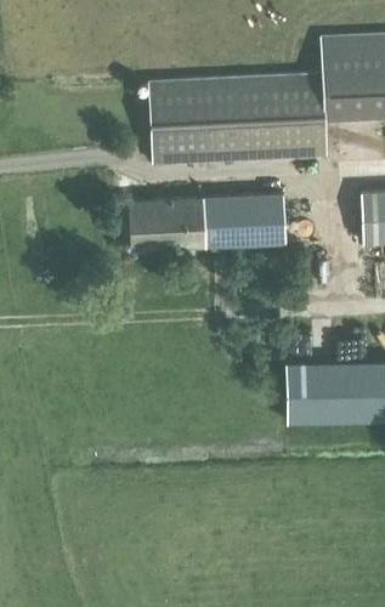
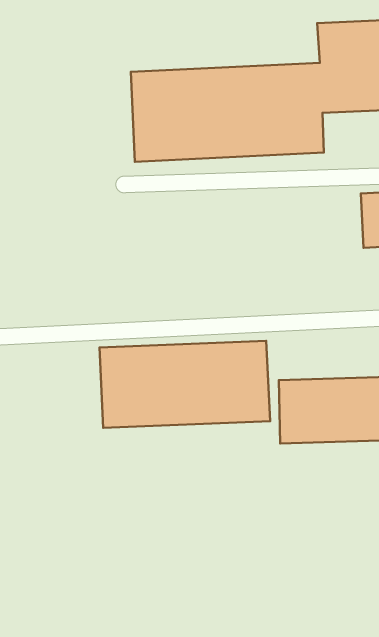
building: [129,195,284,250] -> none
building: none -> [99,341,270,428]

